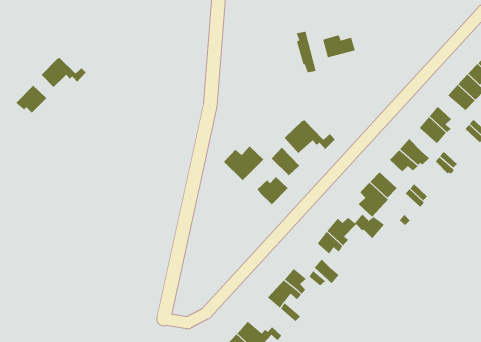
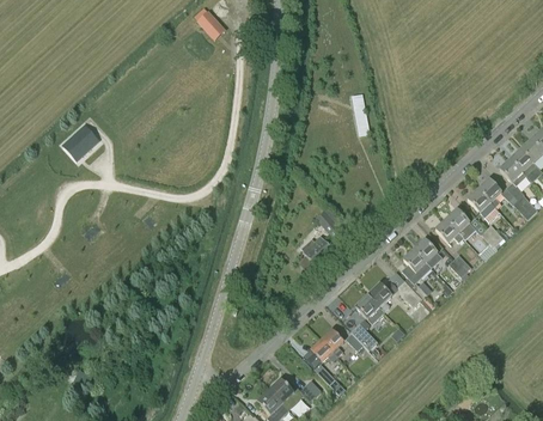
building: [323,35,355,58] -> none
building: [41,57,86,88] -> none
building: [284,119,336,154] -> none
building: [223,145,264,181] -> none

